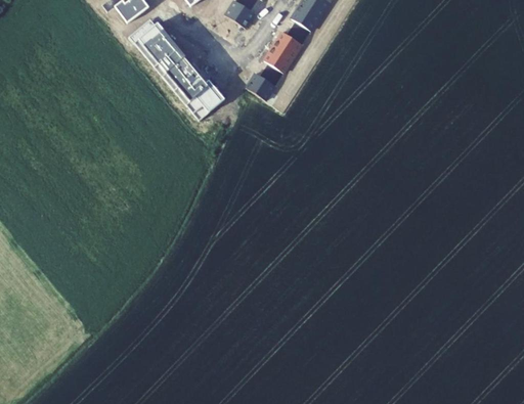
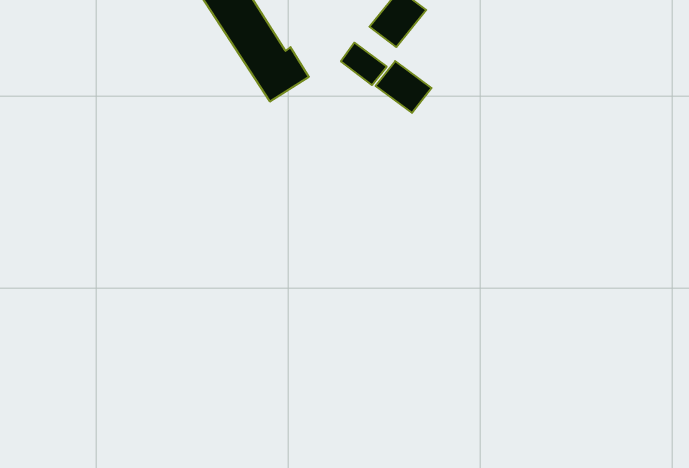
building: none -> [376,61,432,113]

